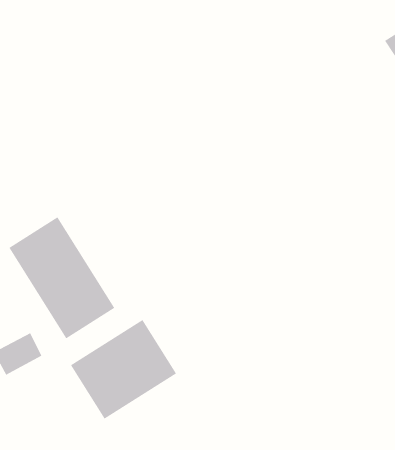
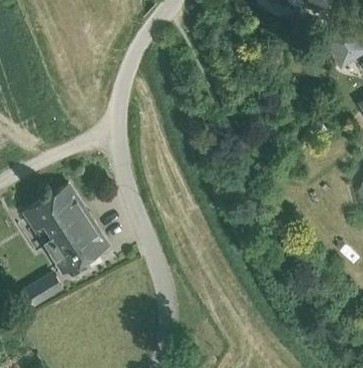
building: [70,319,177,420] -> none

